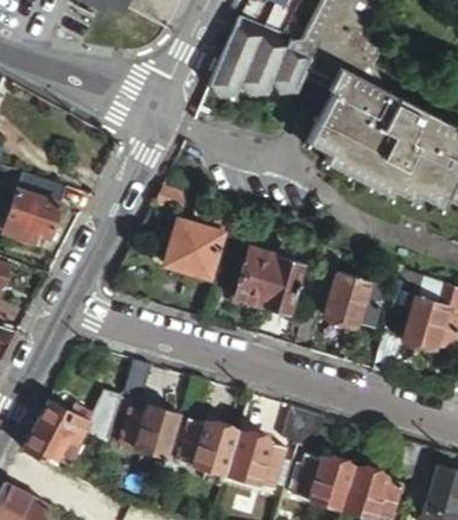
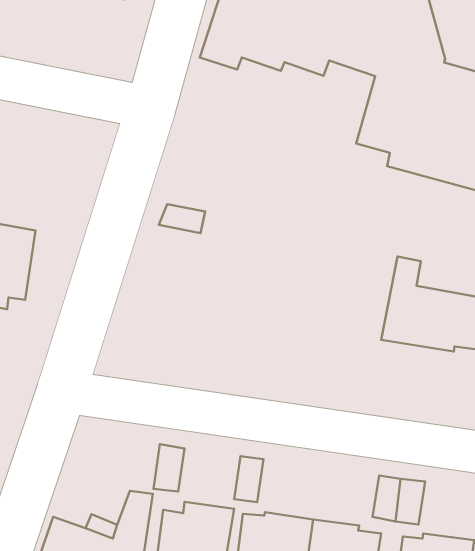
building: [168,211,231,274] -> none
building: [238,243,308,312] -> none

